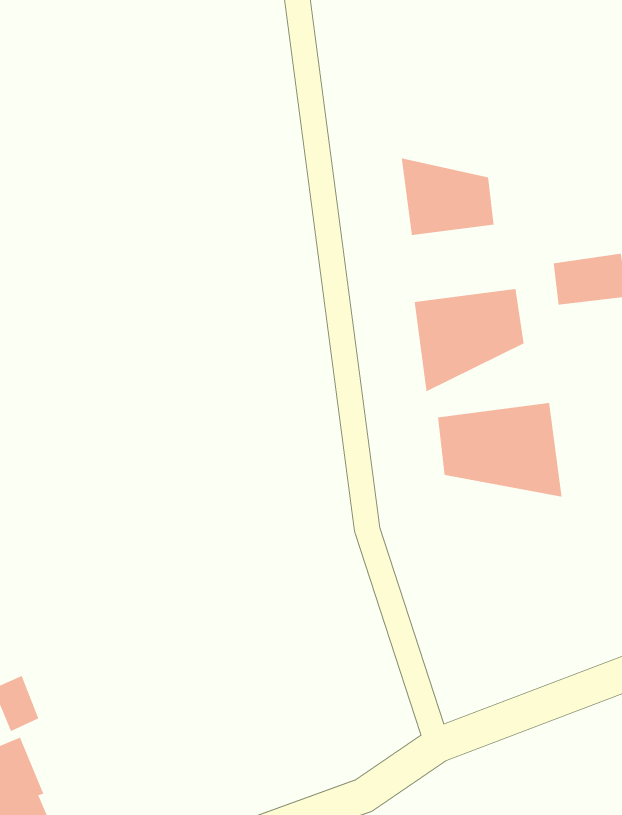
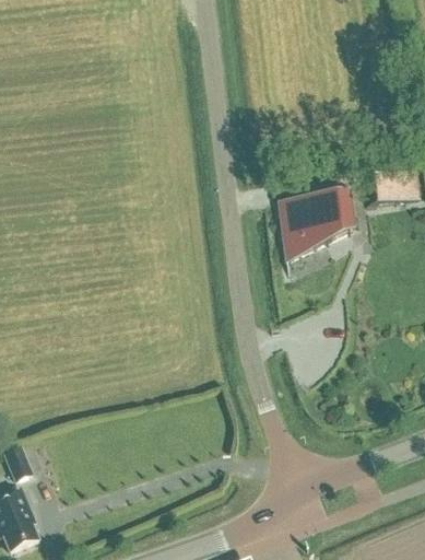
building: [401,157,494,236] -> none
building: [438,402,562,498] -> none

